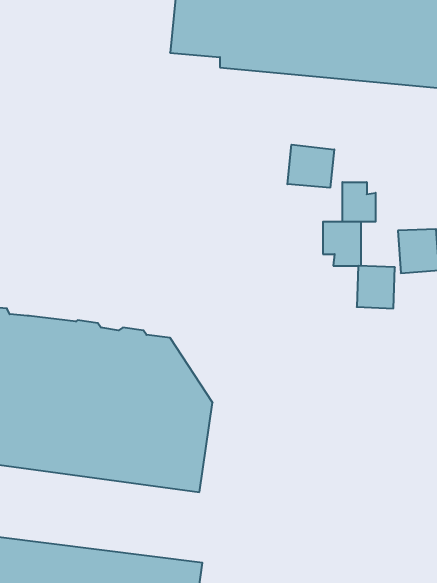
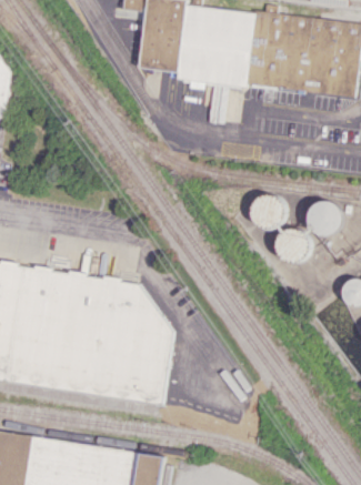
building: [287,145,334,188] -> none
building: [342,182,376,222] -> none

